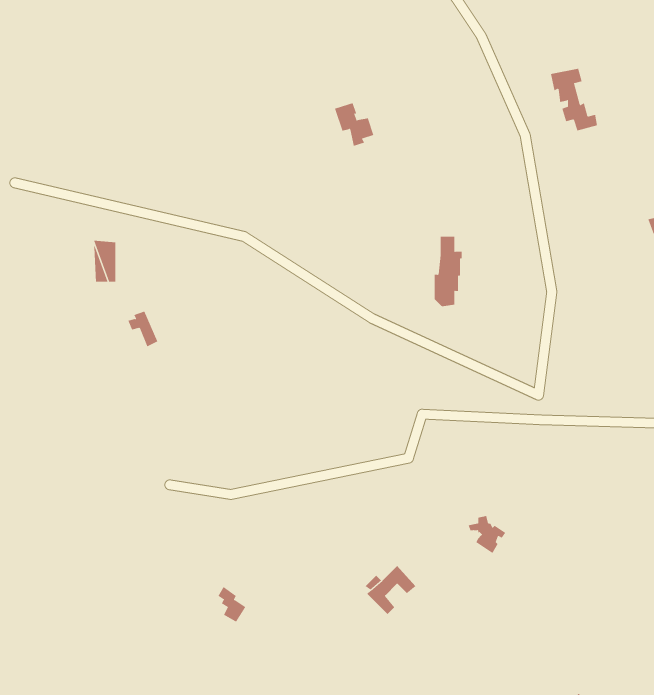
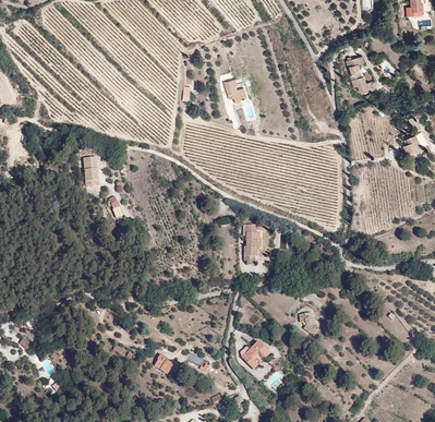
building: [434,236,463,307] -> [242,225,258,265]

